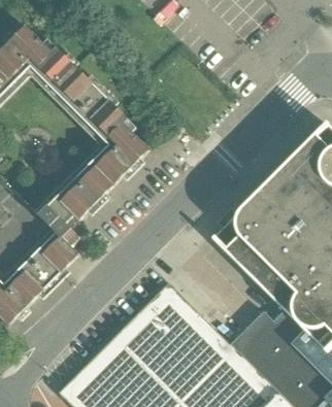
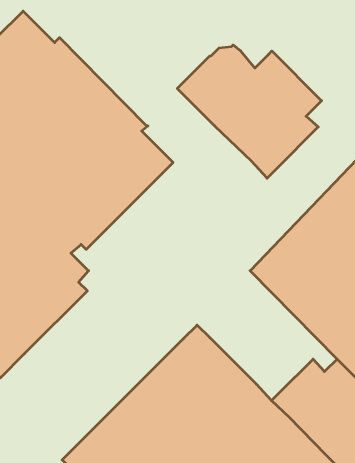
building: none -> [177,45,322,178]

